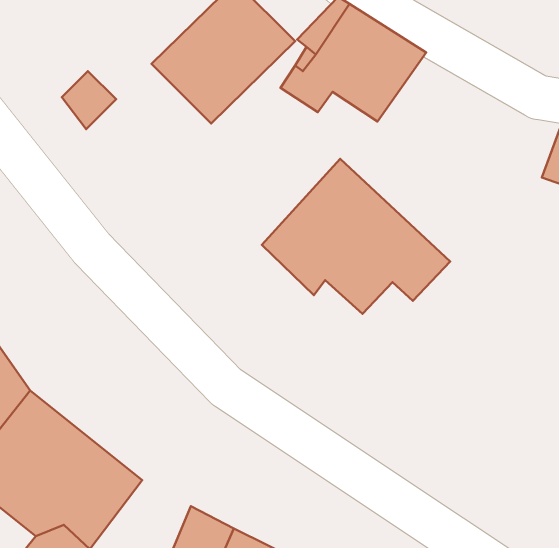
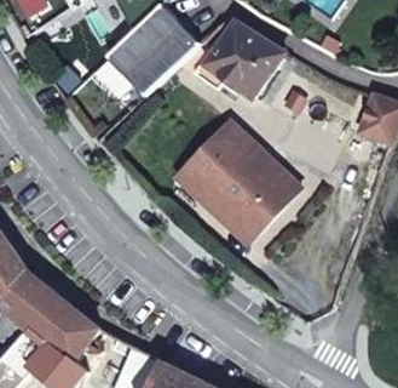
building: none -> [209,199,273,242]

